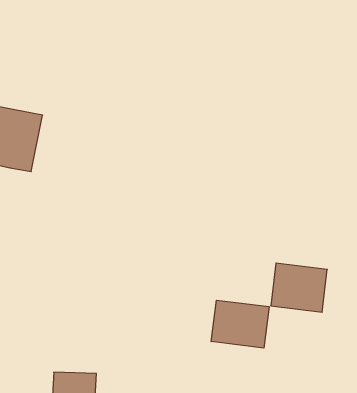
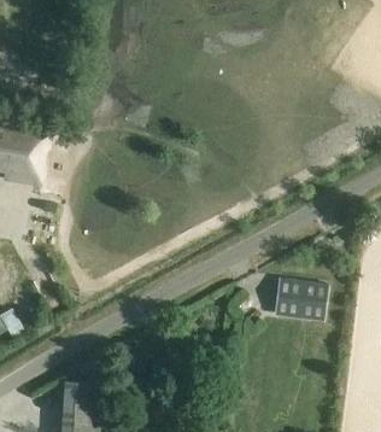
building: [211,300,269,348] -> none

